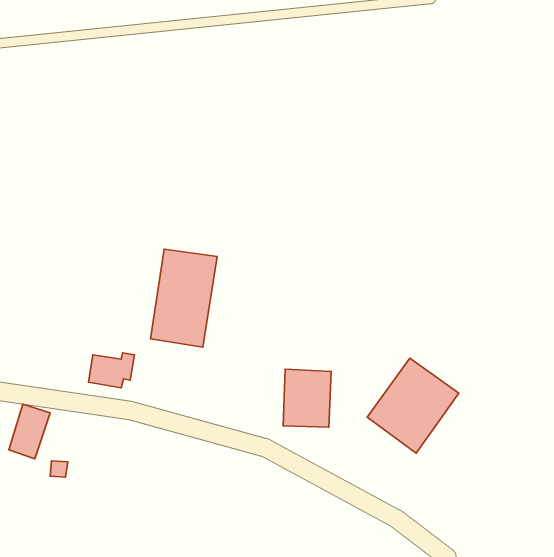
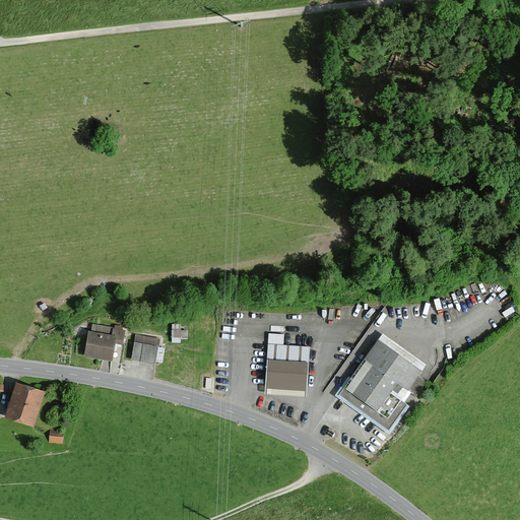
building: [150,249,217,347] -> none
building: none -> [129,333,165,365]

